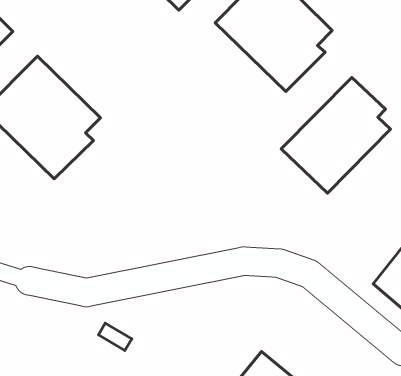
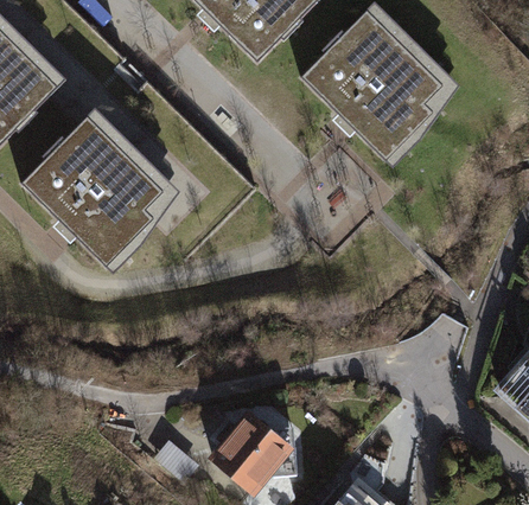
building: [281,78,390,193] -> none
building: none -> [209,403,299,490]

